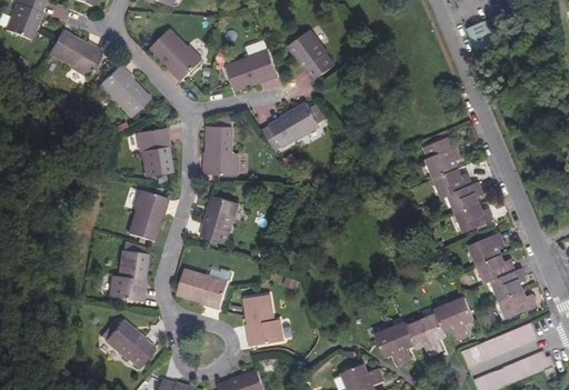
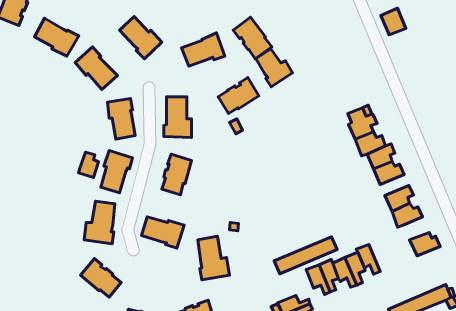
building: none -> [256,49,293,87]
building: none -> [78,152,99,178]
building: [491,268,526,298] -> none
building: [450,297,473,336] -> none
building: [461,322,537,367] -> [274,237,337,274]

